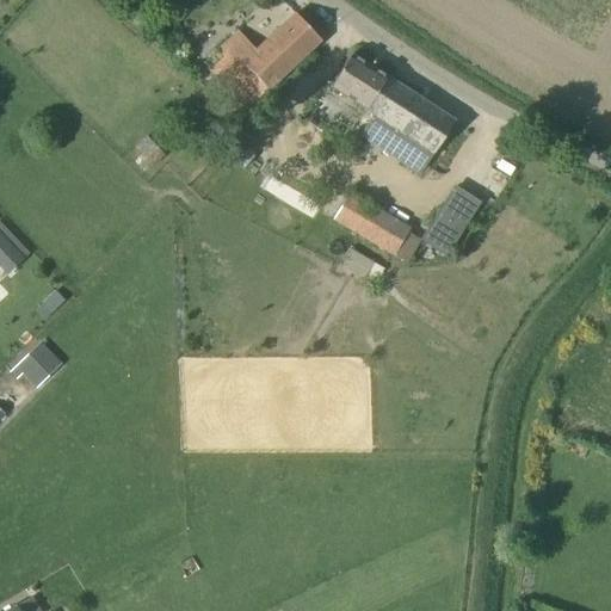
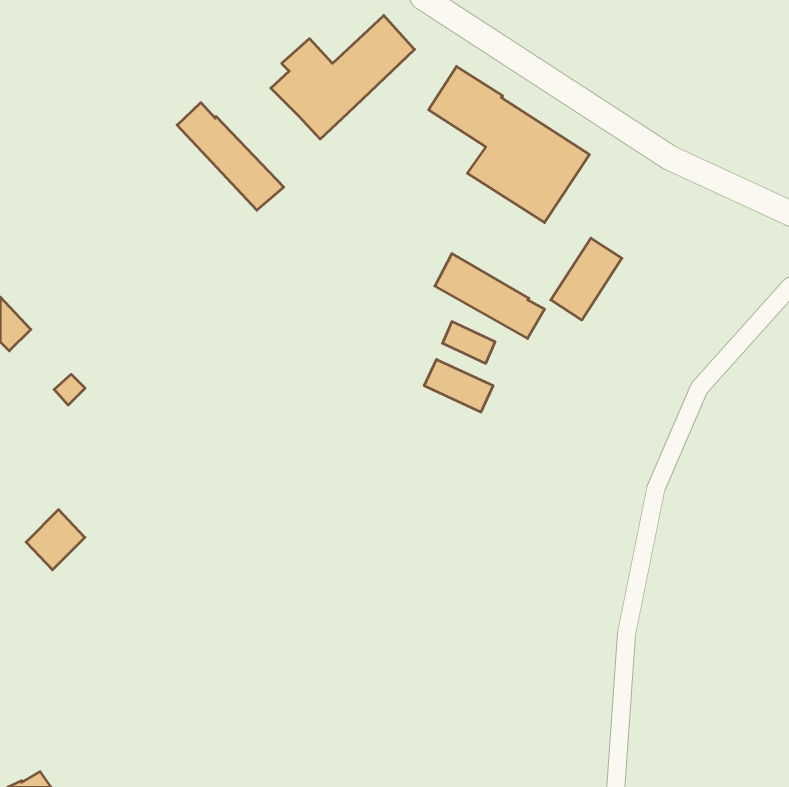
building: none -> [177,103,284,210]
building: none -> [424,359,493,412]
building: [17,339,62,385] -> [26,510,85,570]

